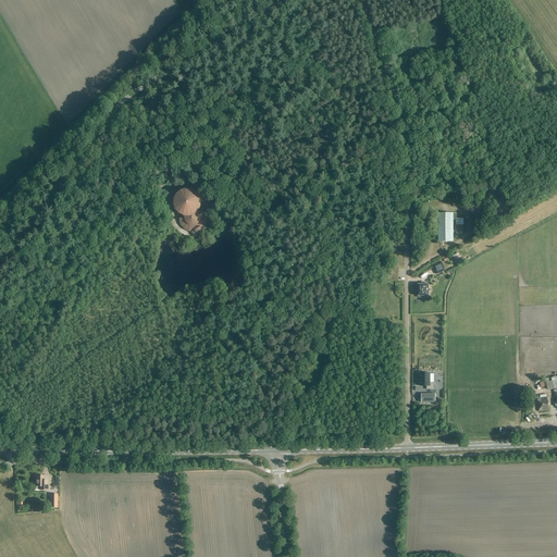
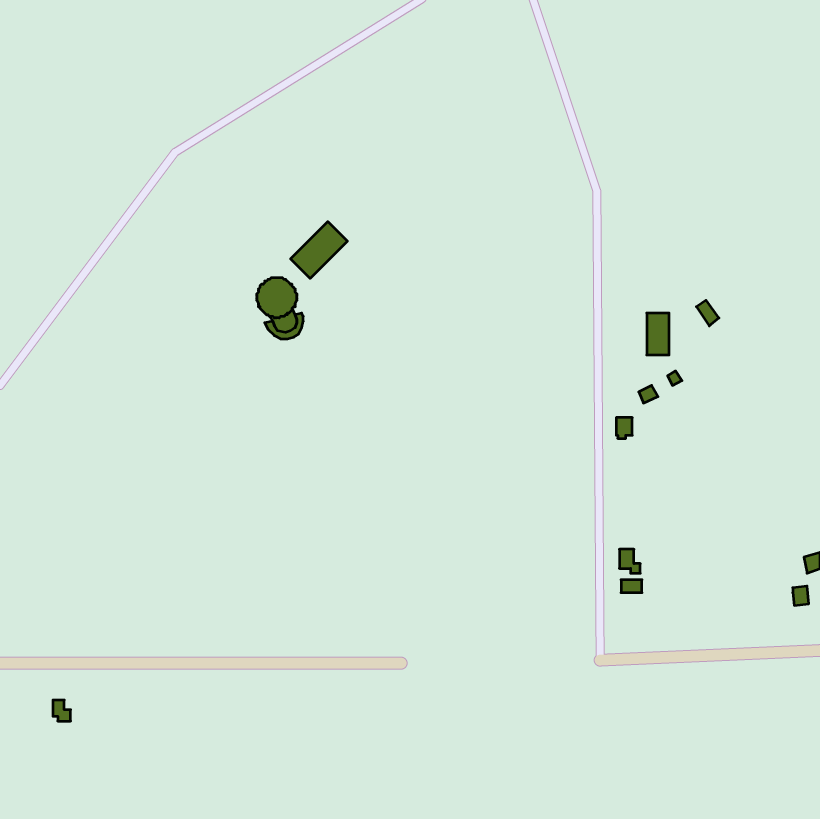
building: none -> [291,222,347,278]

